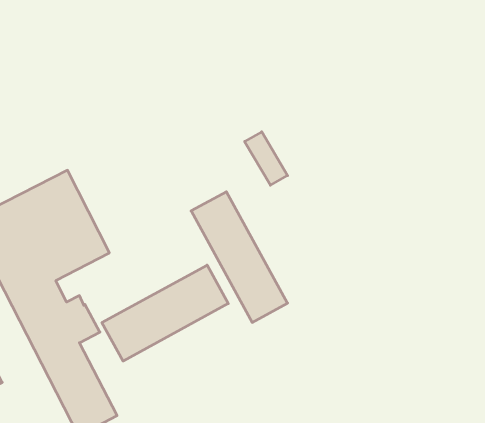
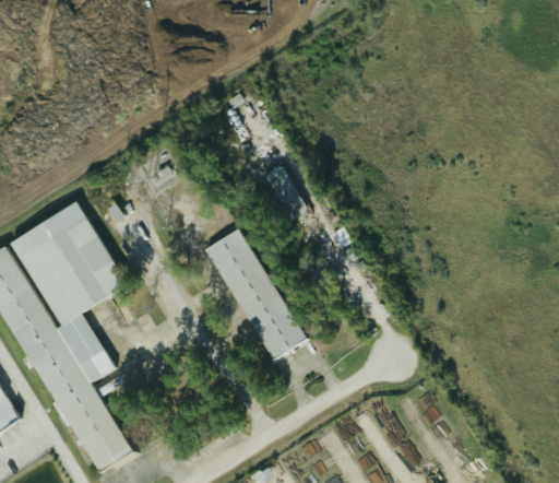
building: [102,265,228,361] -> none

